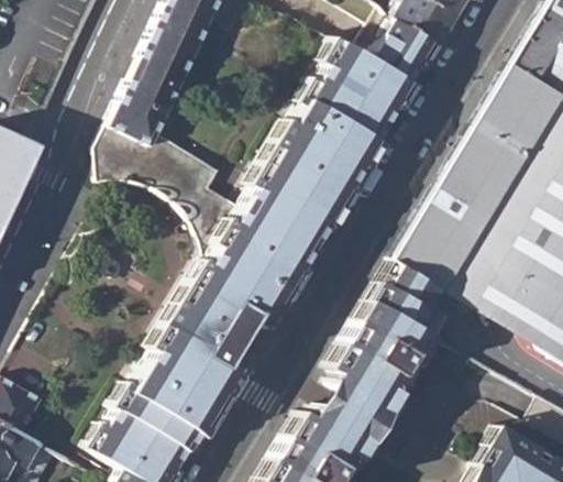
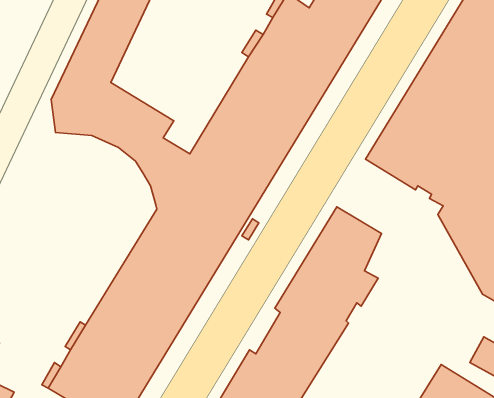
building: [393,211,543,351] -> none

